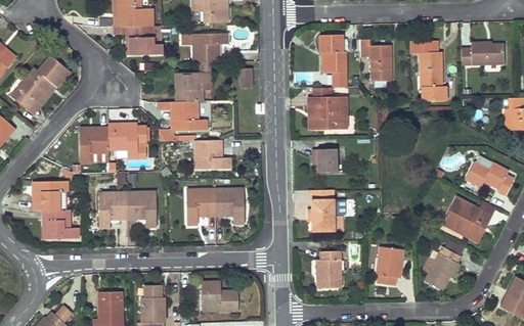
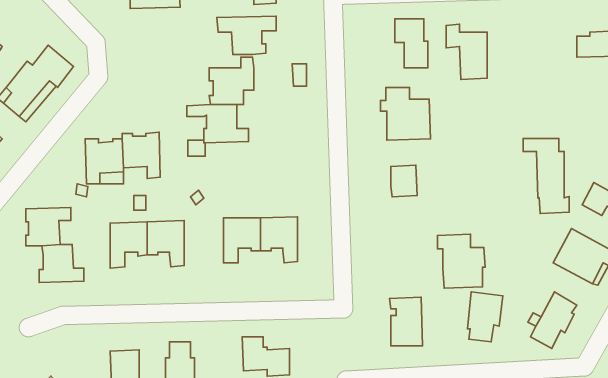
building: [114,26,162,55] -> none
building: [409,42,445,100] -> [523,138,569,214]
building: [194,140,229,169] -> none
building: [307,189,344,231] -> [438,234,485,288]

